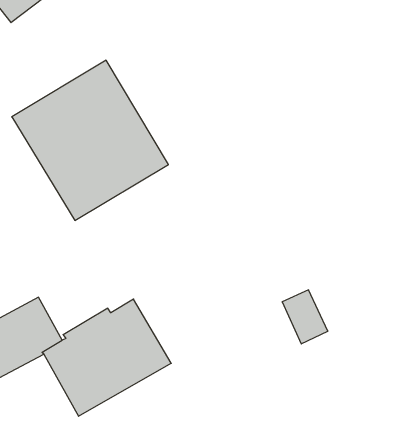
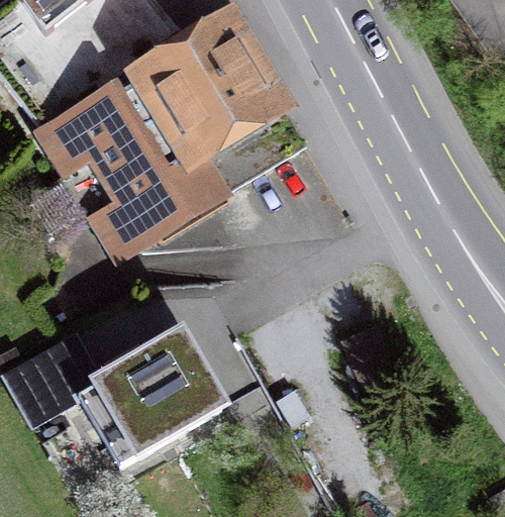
building: none -> [150,14,295,182]

